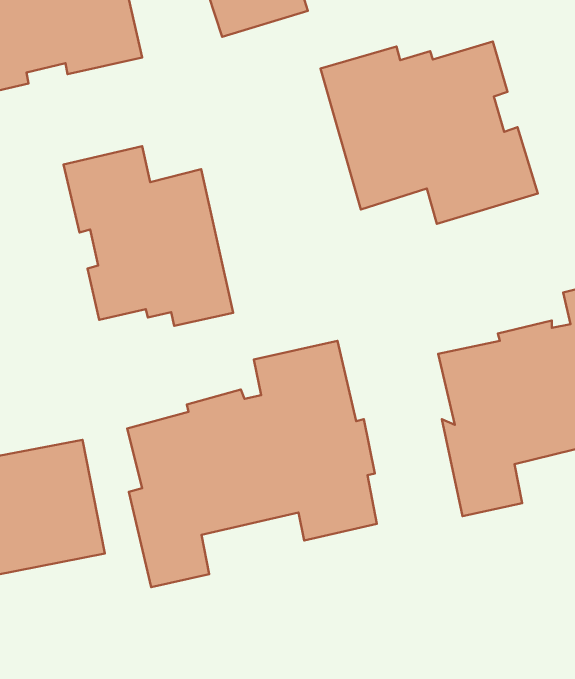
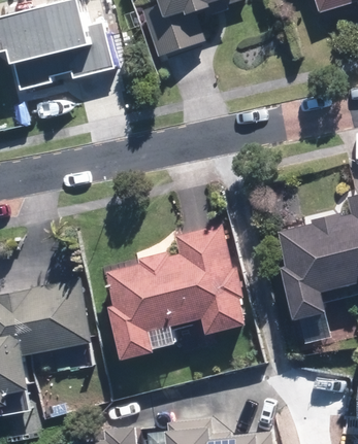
building: [320,42,538,224] -> none
building: [64,146,233,326] -> none

